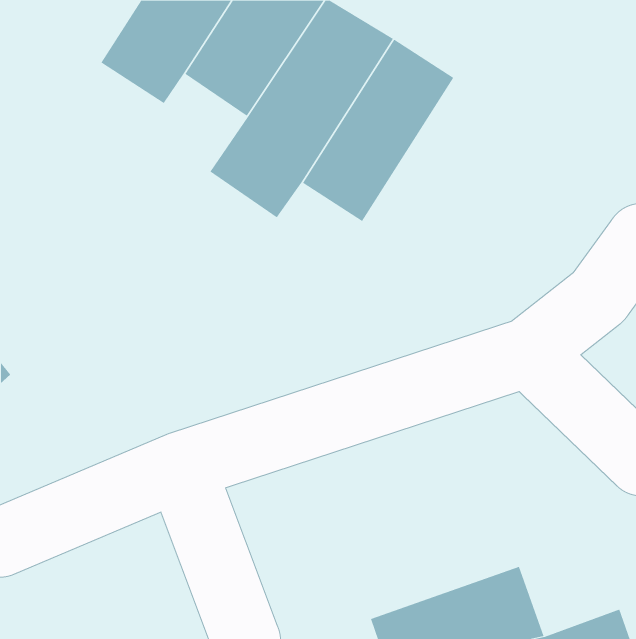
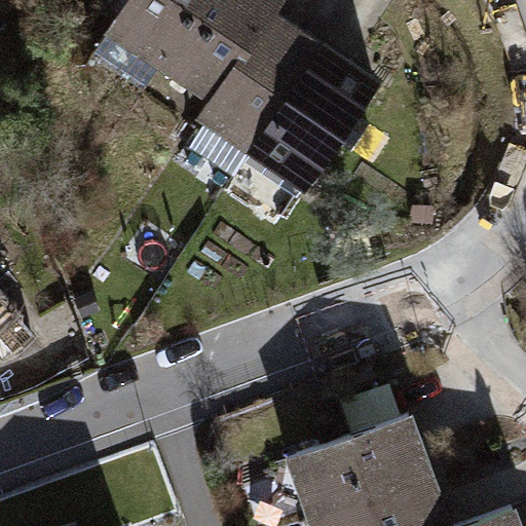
building: none -> [287,406,429,509]

